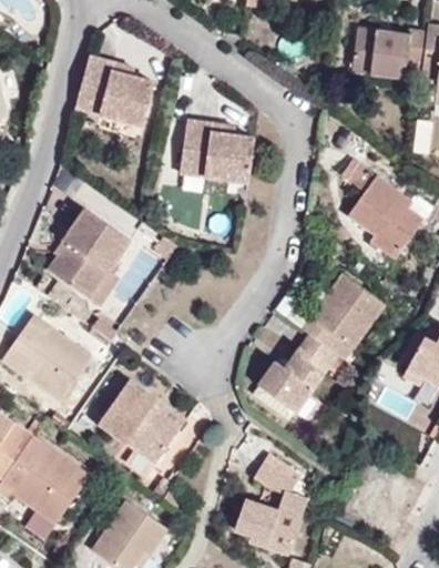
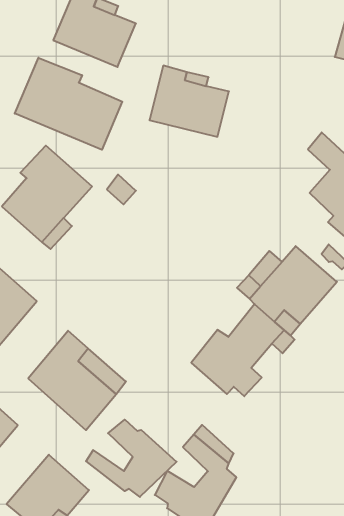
building: none -> [15,58,122,150]
building: none -> [86,420,177,497]

